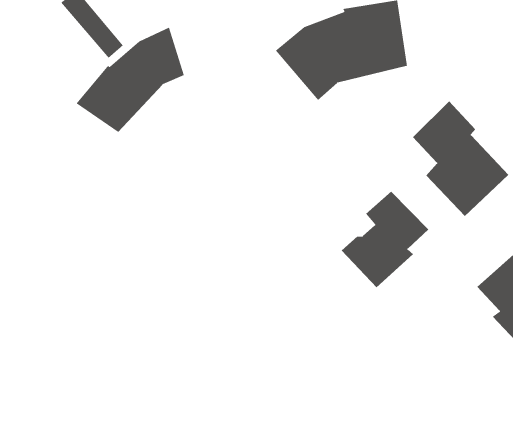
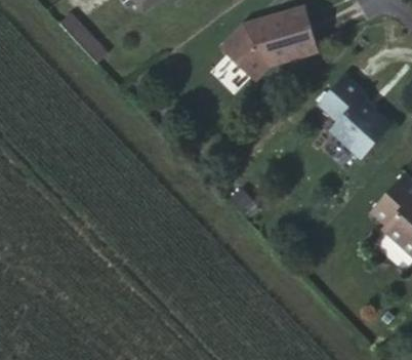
building: [75,26,185,133] -> none
building: [341,191,429,288] -> none

